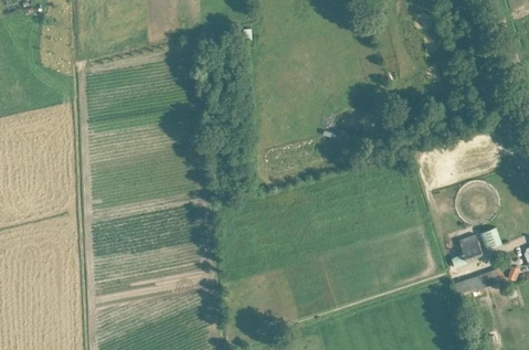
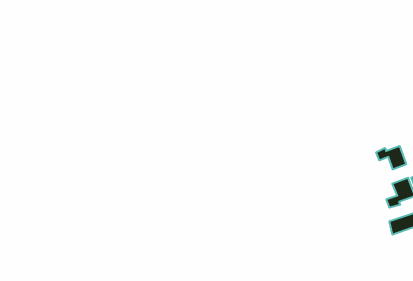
building: none -> [376,146,406,169]

